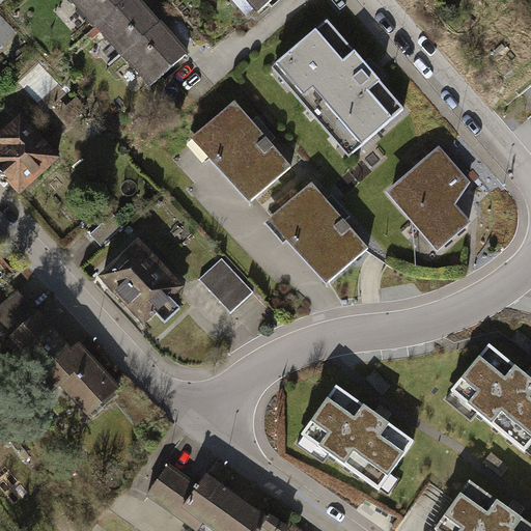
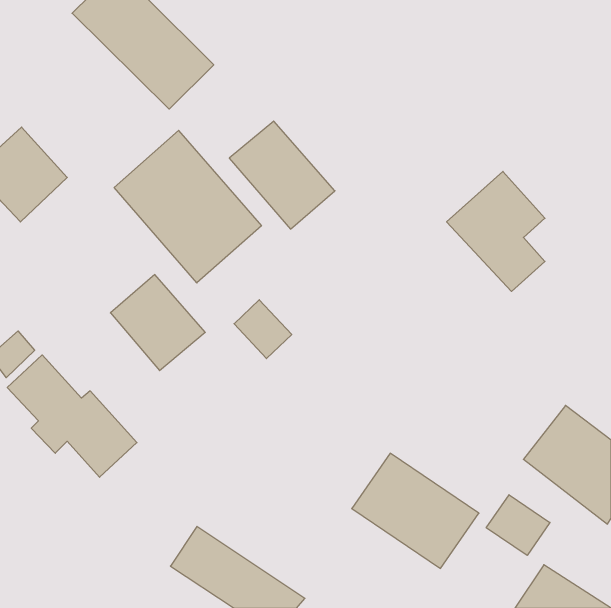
building: [276,18,406,152] -> none
building: none -> [114,130,261,283]
building: [274,185,364,277] -> none
building: none -> [486,495,550,555]

